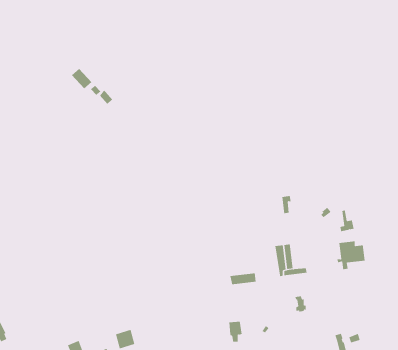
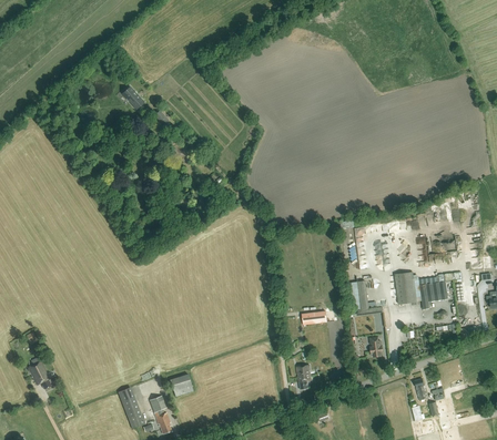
building: none -> [395,272,416,304]

